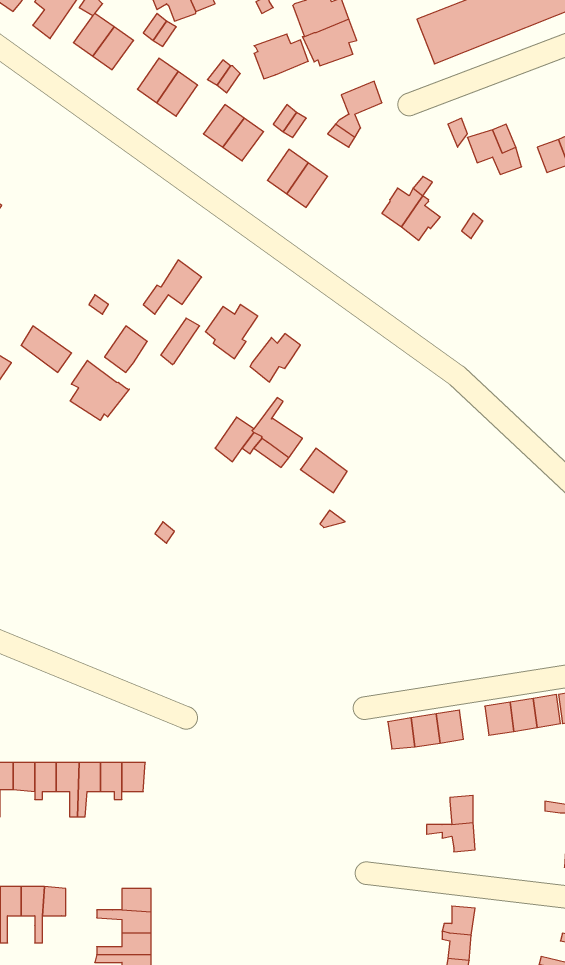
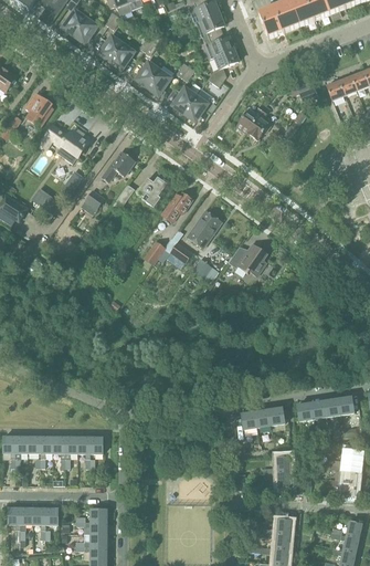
building: [254,34,308,79] -> [203,32,234,57]
building: none -> [27,92,52,126]
building: none -> [46,124,88,163]
building: [70,360,129,420] -> none
building: none -> [188,209,221,245]
building: none -> [229,242,267,274]

